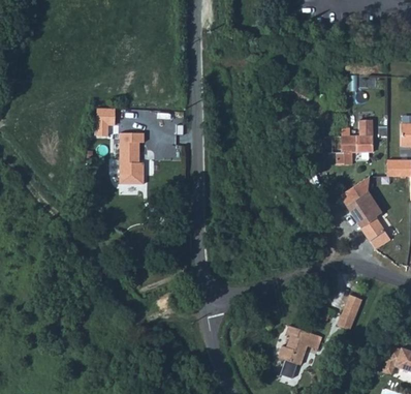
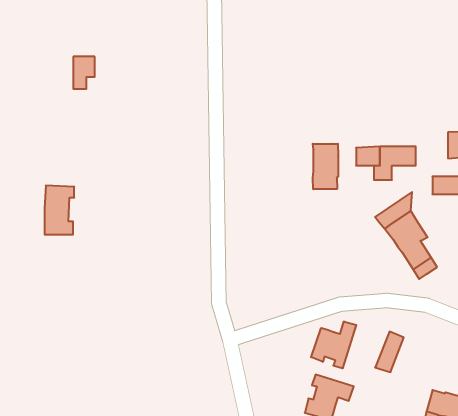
building: [95,108,114,135] -> [73,57,95,89]
building: [119,130,145,173] -> [45,186,74,235]
building: none -> [313,144,338,189]
building: none -> [311,321,356,368]

